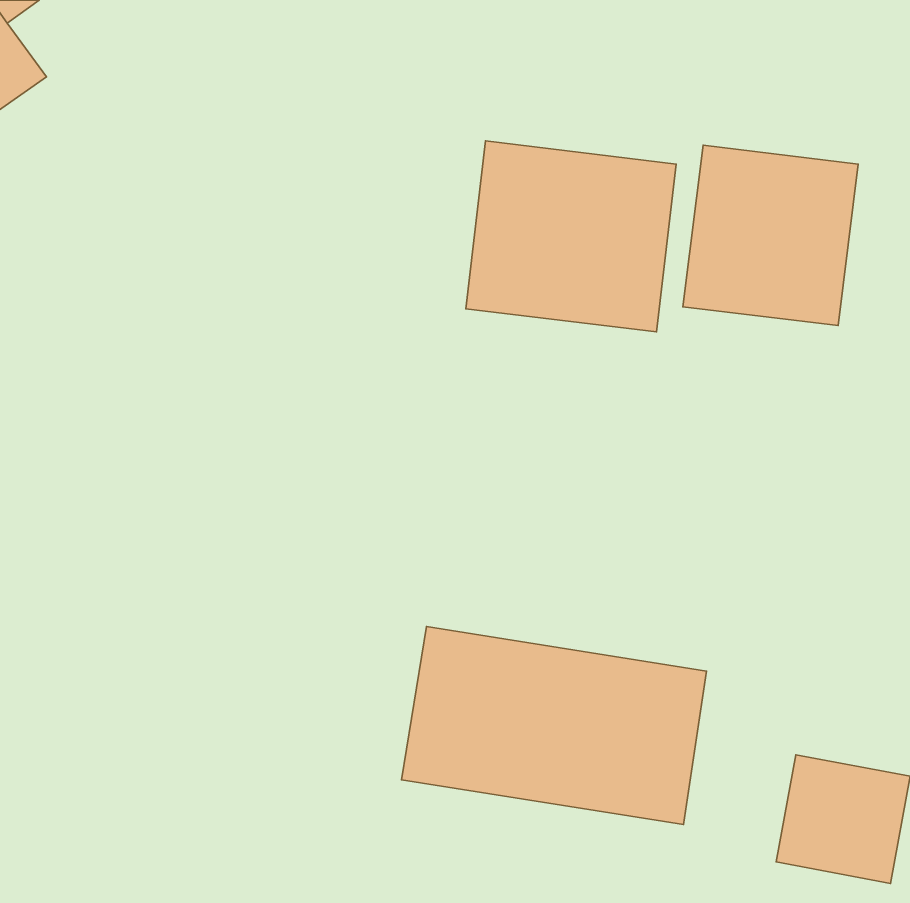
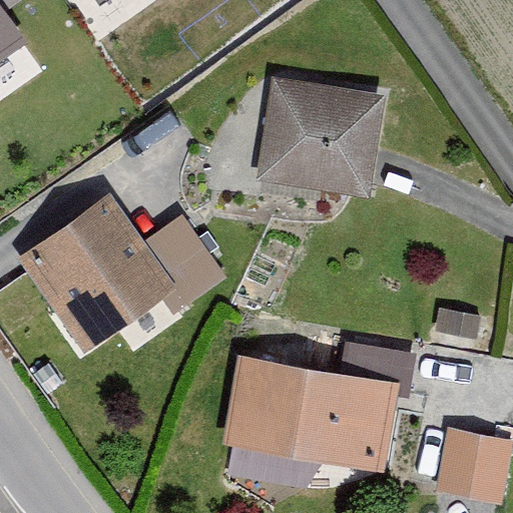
building: [683,145,858,326] -> none
building: none -> [18,193,226,353]

